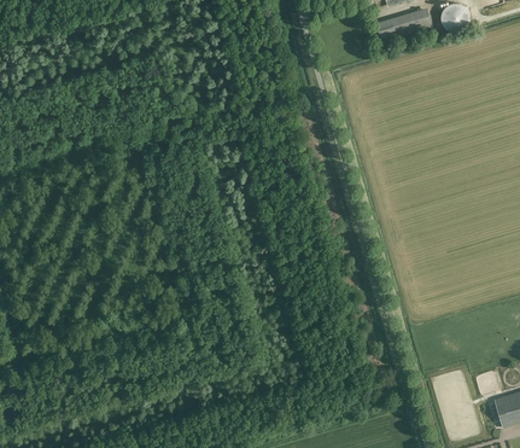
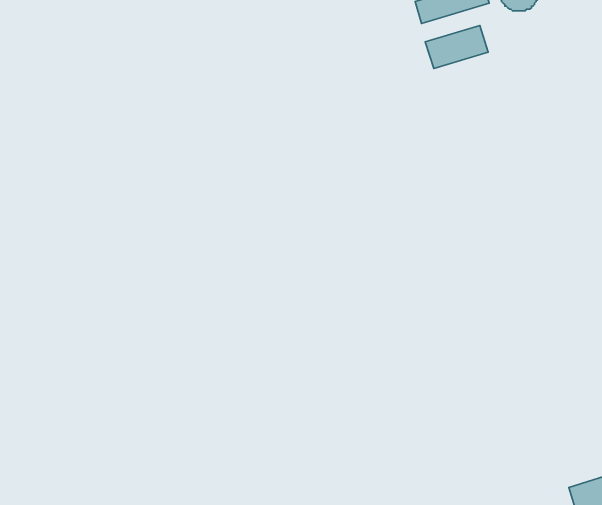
building: none -> [425,25,488,69]

